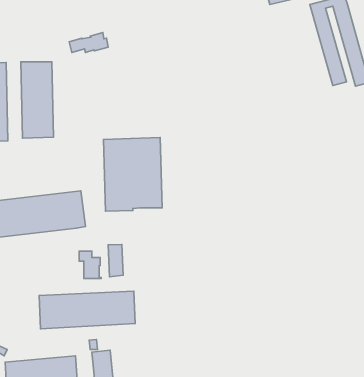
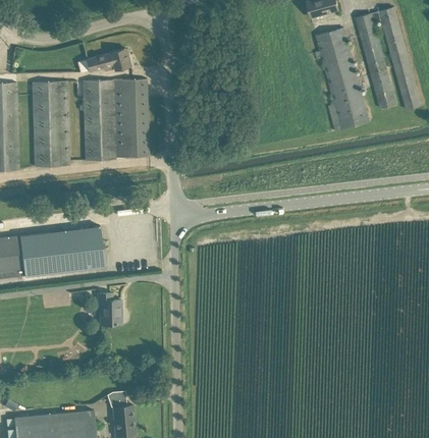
building: none -> [314,28,369,130]
building: [104,138,162,211] -> [83,78,148,161]
building: [108,244,123,277] -> none
building: [39,291,135,329] -> none

